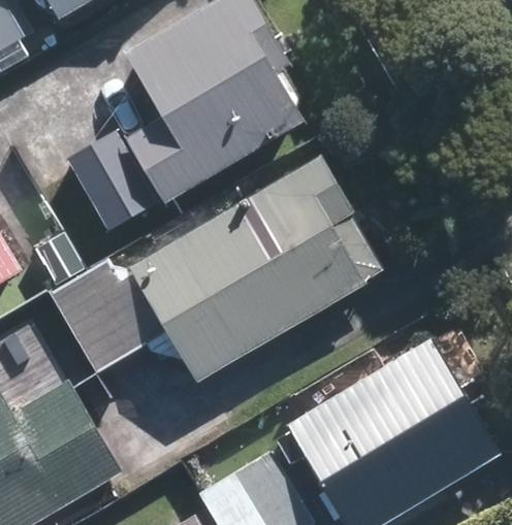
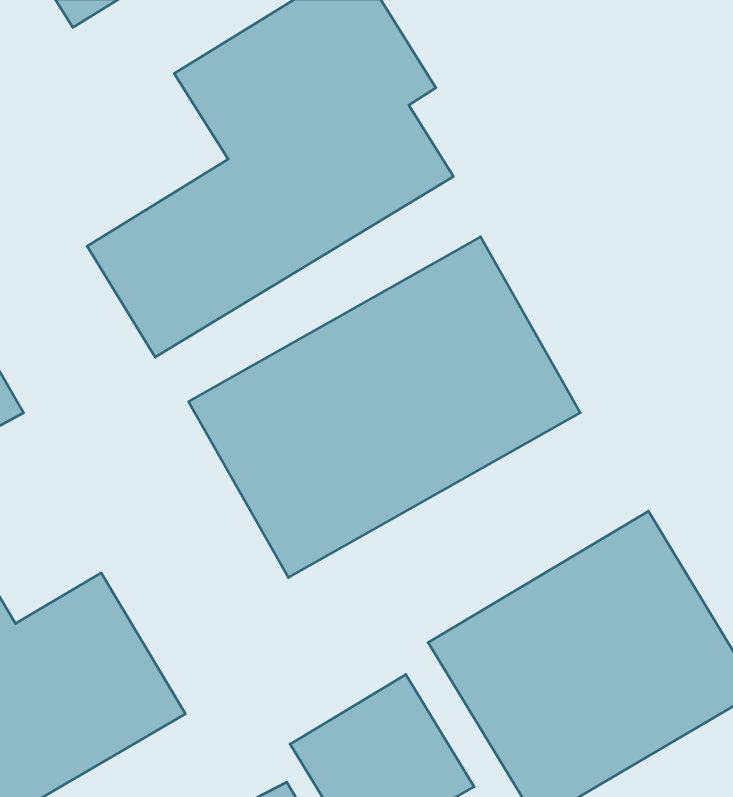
building: [54,258,160,370] -> none

